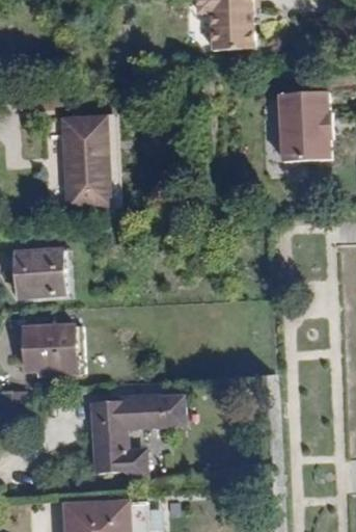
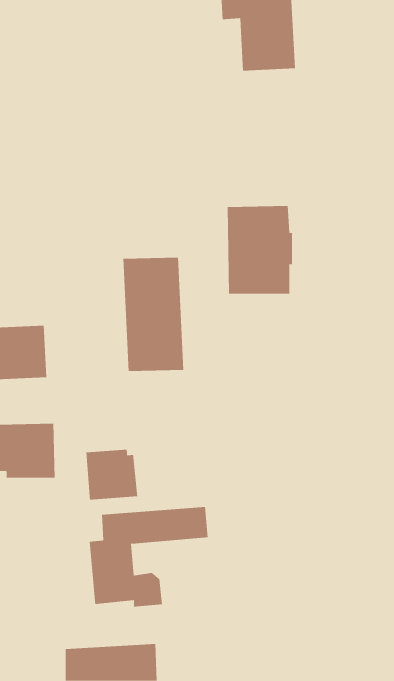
building: [274,94,325,162] -> [227,206,293,294]
building: [63,121,111,209] -> [122,257,184,371]
building: none -> [86,449,138,501]

